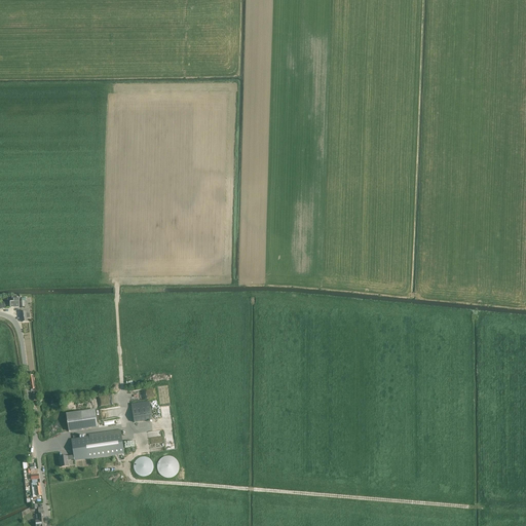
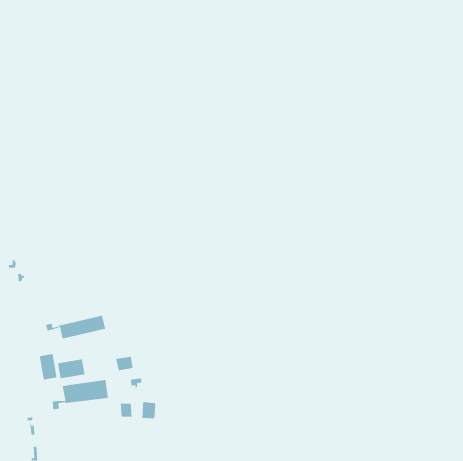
building: none -> [45,315,106,339]
building: none -> [39,353,58,381]

